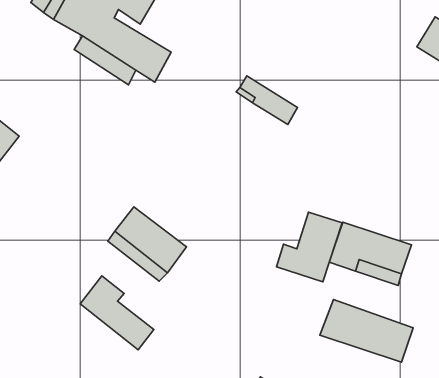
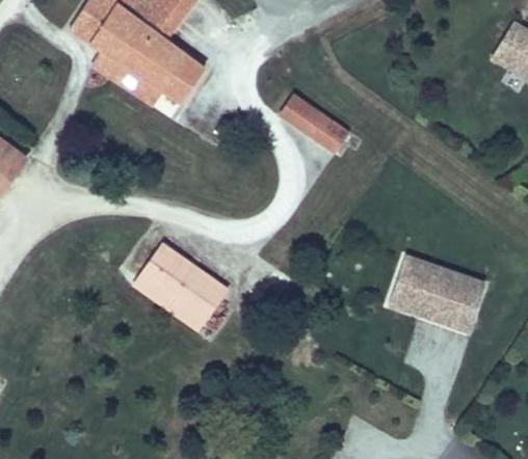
building: [276,212,342,282] -> none
building: [80,276,154,350] -> none
building: [320,300,413,362] -> none

